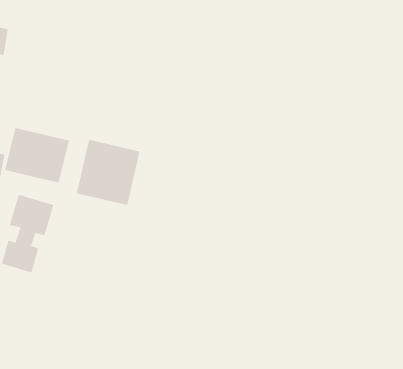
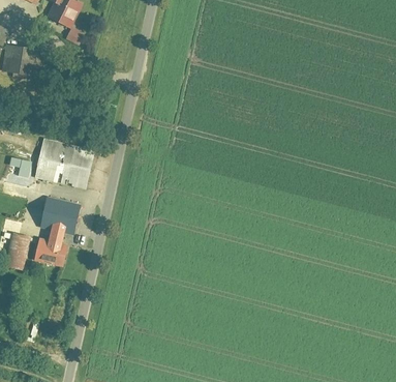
building: [76,139,140,206] -> none

